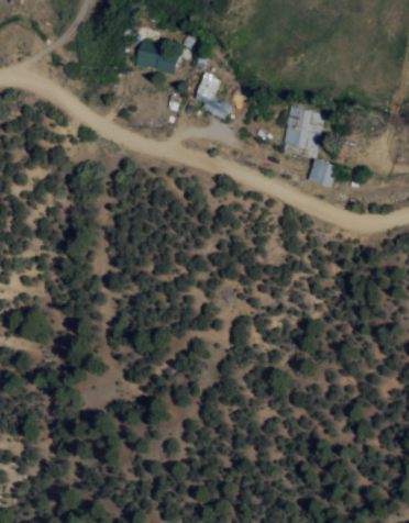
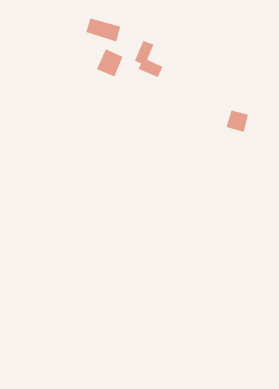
building: none -> [96,48,123,77]
building: [280,104,321,152] -> none

